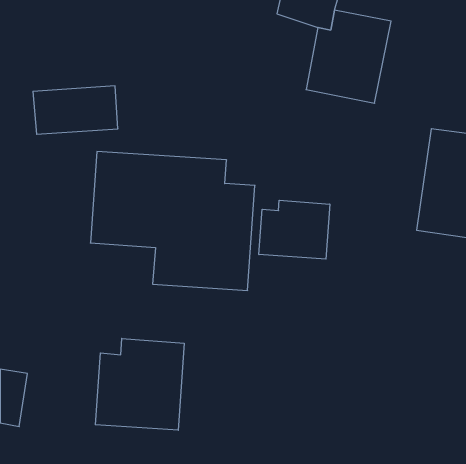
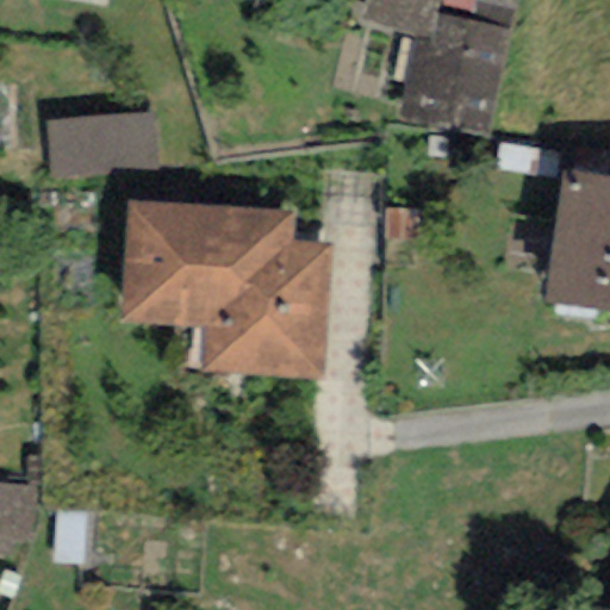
building: [259,200,330,259] -> none
building: [95,338,184,430] -> none

